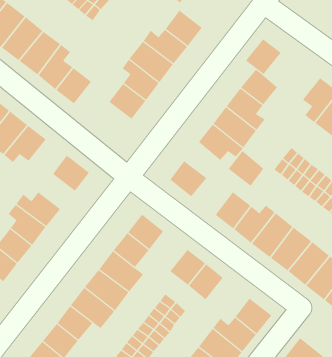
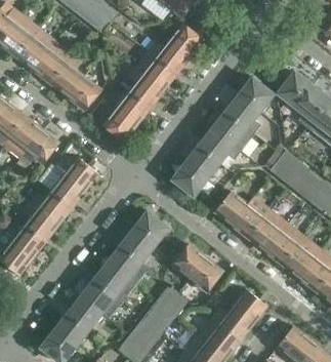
building: [245,38,282,75] -> [278,72,312,106]
building: none -> [102,108,137,142]
building: [228,150,264,187] -> [185,145,219,178]
building: none -> [50,174,85,207]

